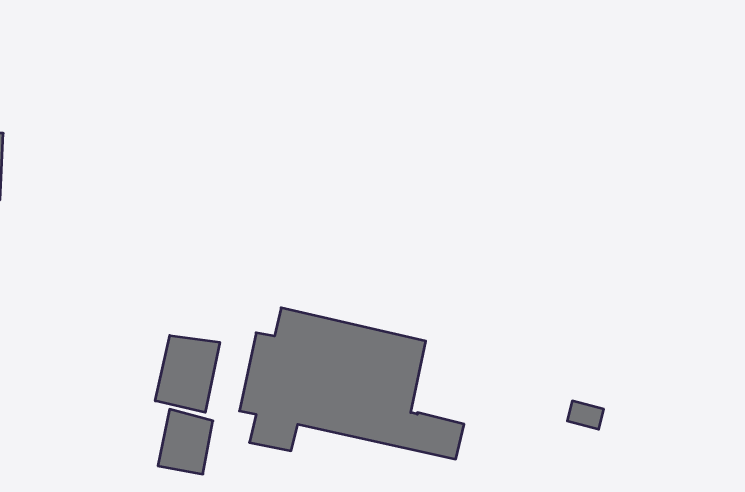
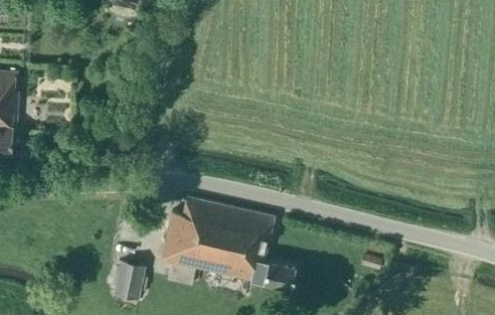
building: [155,335,220,412] -> none

